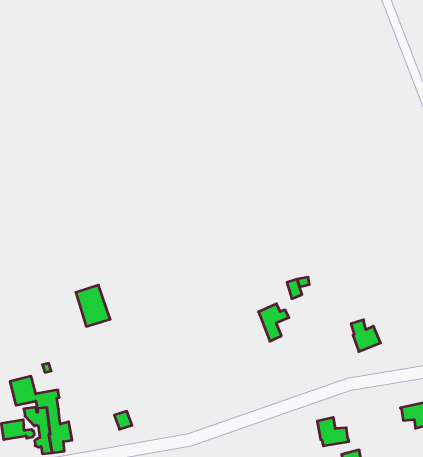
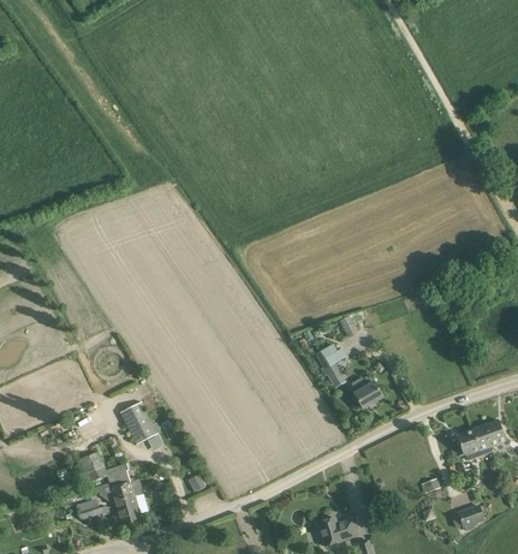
building: [76,285,110,326] -> [120,400,159,443]
building: [351,320,381,352] -> [351,376,383,409]
building: [317,417,349,446] -> [458,429,493,459]

